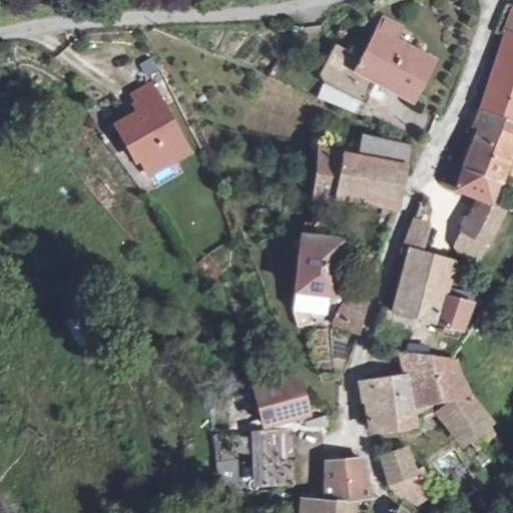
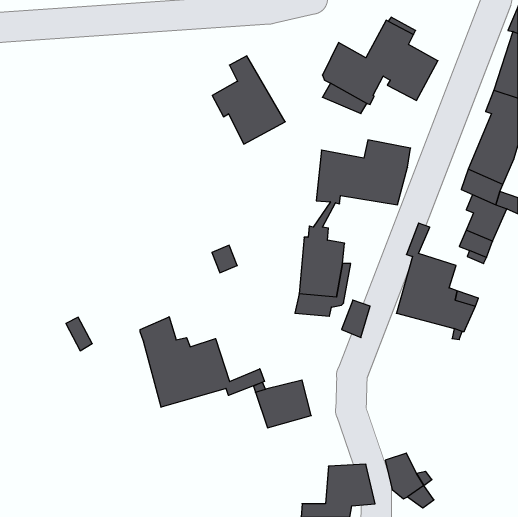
building: [116,85,188,172] -> [212,56,285,144]
building: none -> [140,317,264,407]
building: [365,355,492,447] -> none
building: [247,429,294,484] -> none

